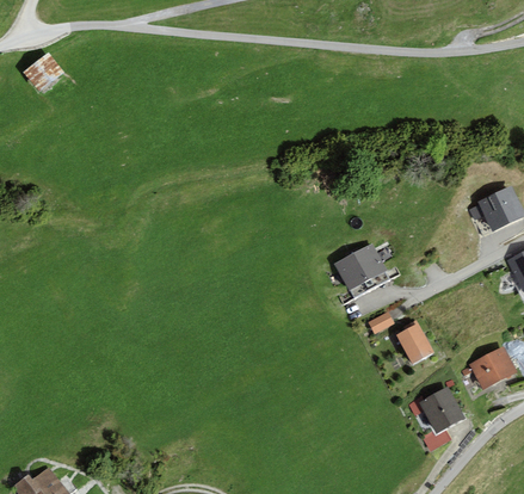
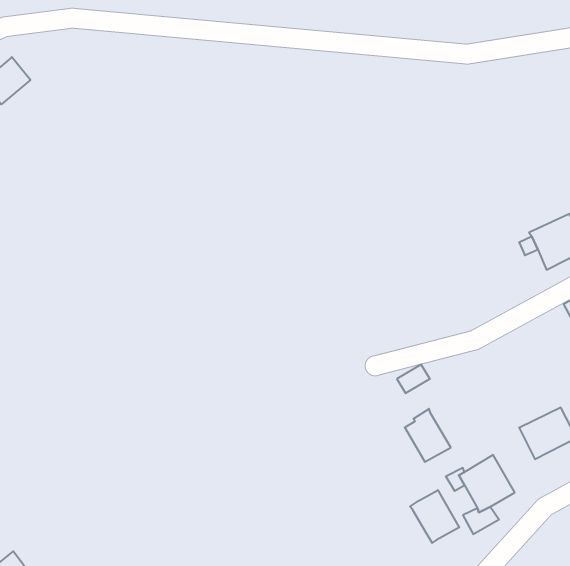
building: [334,243,392,298] -> none
building: [396,319,434,363] -> [405,409,451,462]
building: none -> [410,490,459,543]

